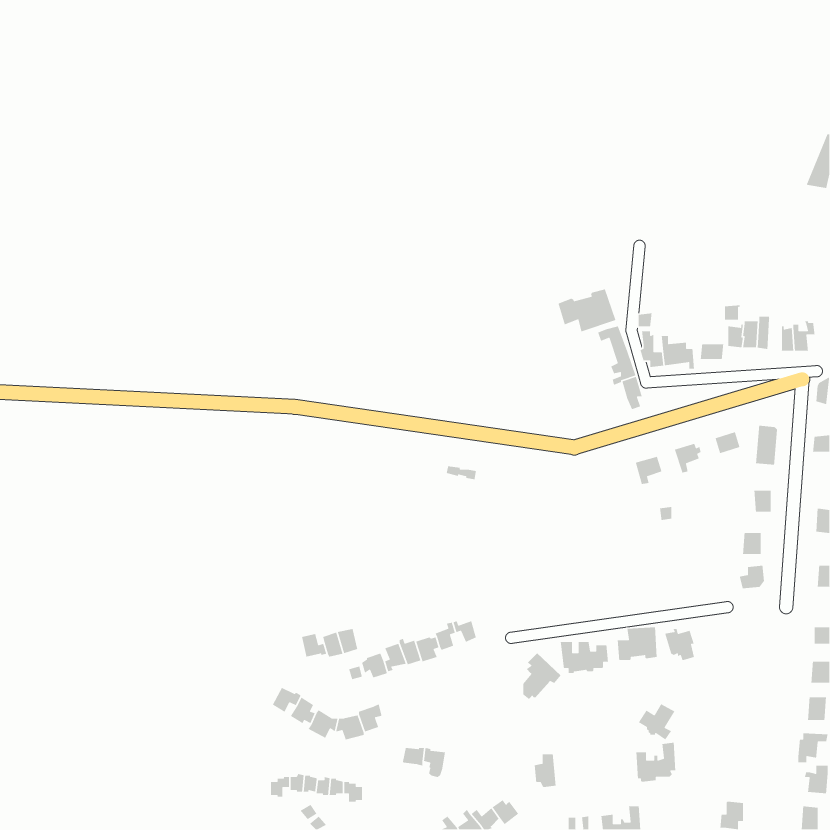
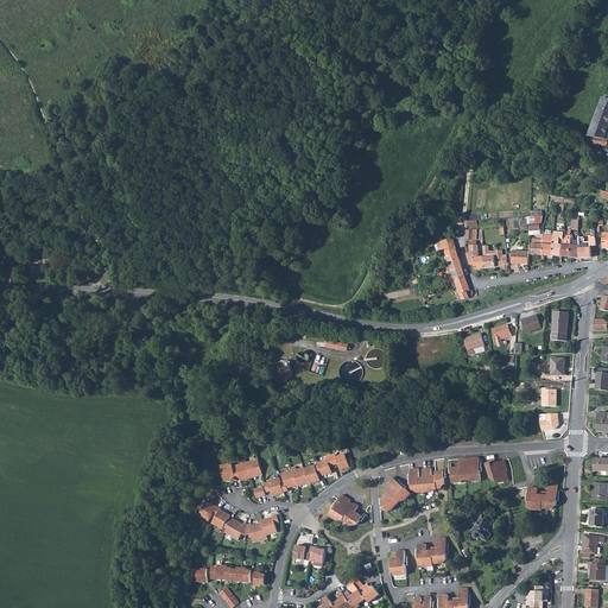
building: [558,288,616,333] -> none
building: none -> [526,482,557,509]
building: none -> [328,494,362,525]
building: [635,742,676,782] -> [417,537,446,566]

